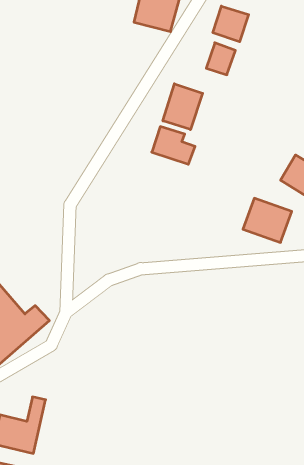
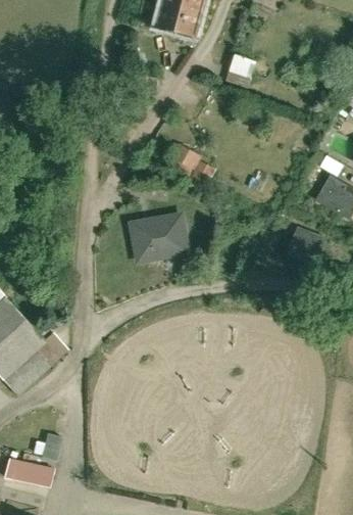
building: [213,6,249,42] -> none
building: [163,84,203,130] -> none
building: none -> [135,214,190,262]

